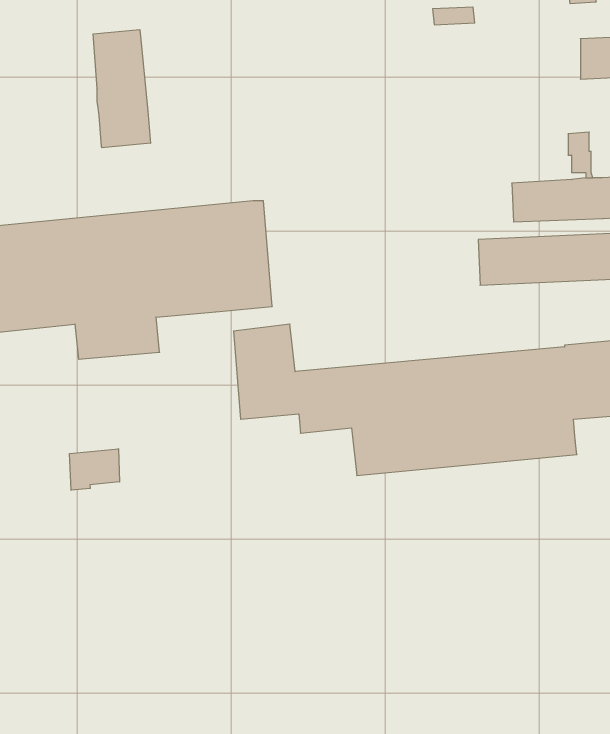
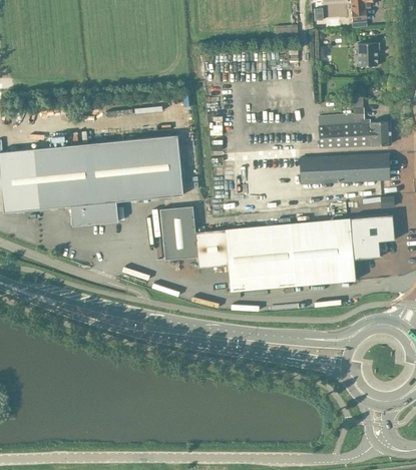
building: [93,30,150,148] -> none
building: [70,449,120,490] -> none

